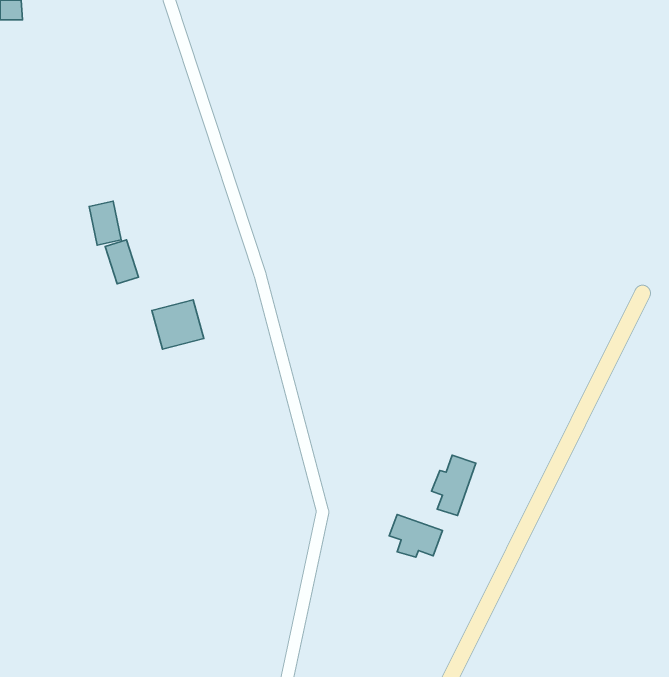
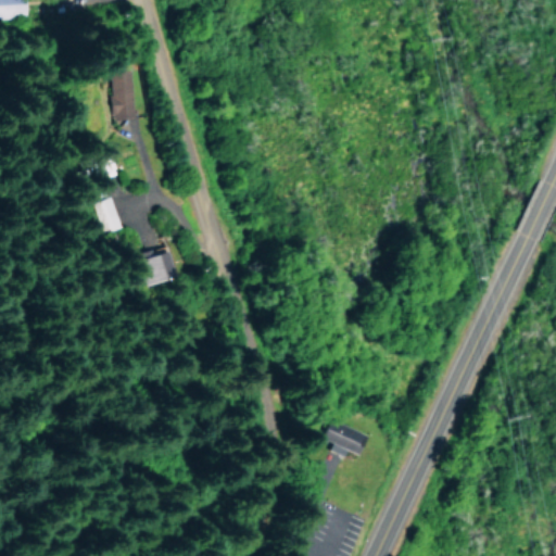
building: none -> [110,72,134,122]
building: [431,455,476,516] -> none

